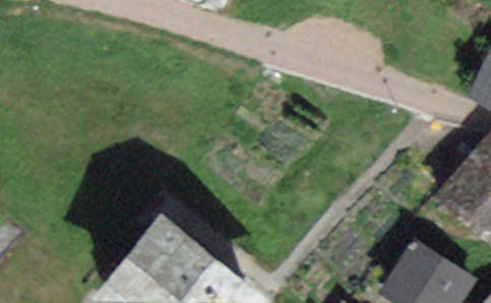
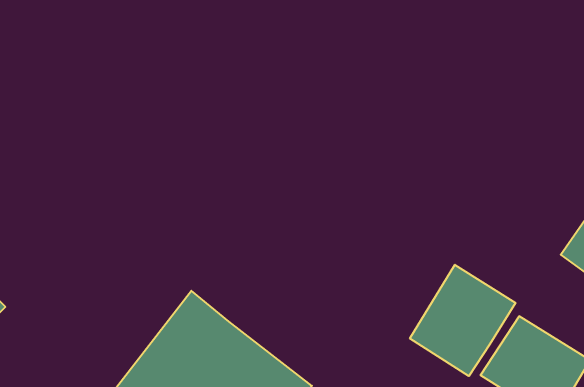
building: none -> [410,265,515,376]

